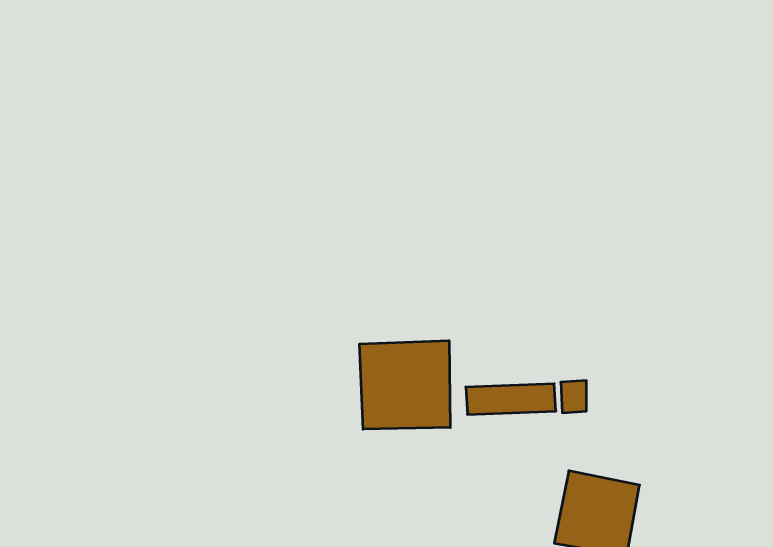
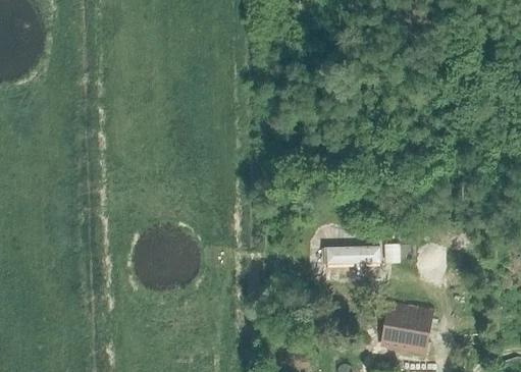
building: [360,341,450,429] -> none

